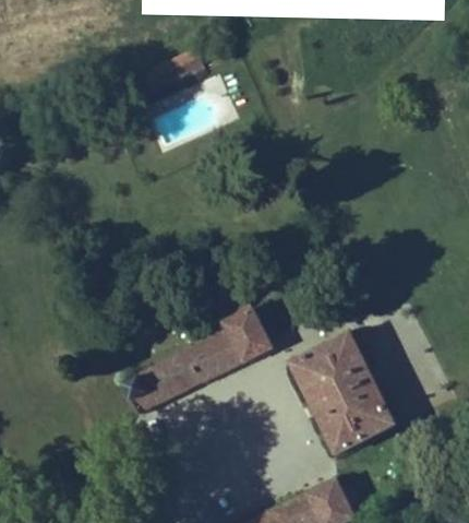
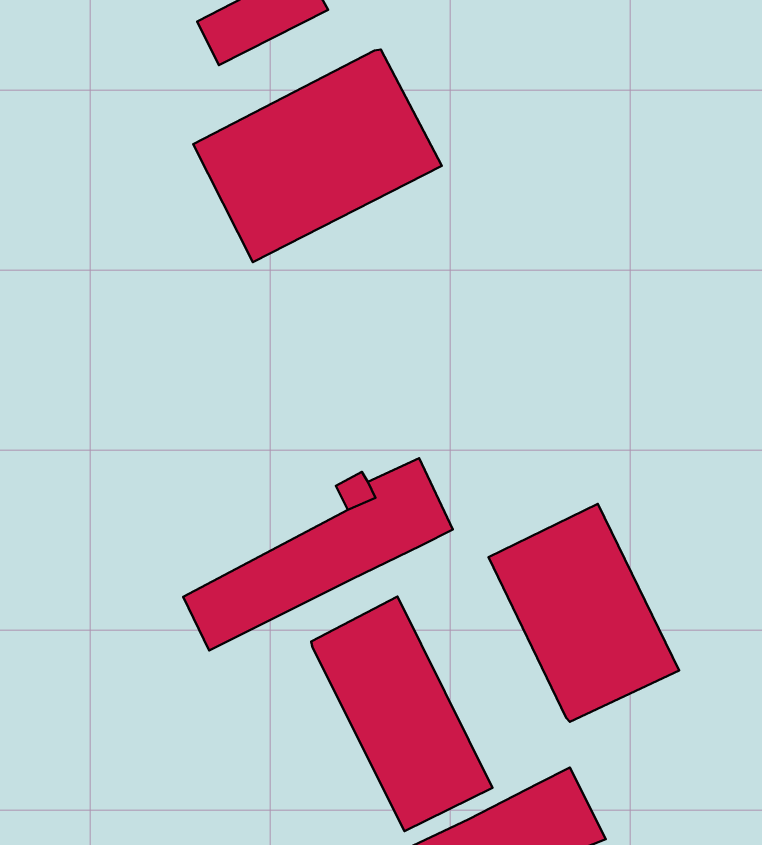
building: none -> [193,50,442,262]
building: none -> [311,597,492,831]

